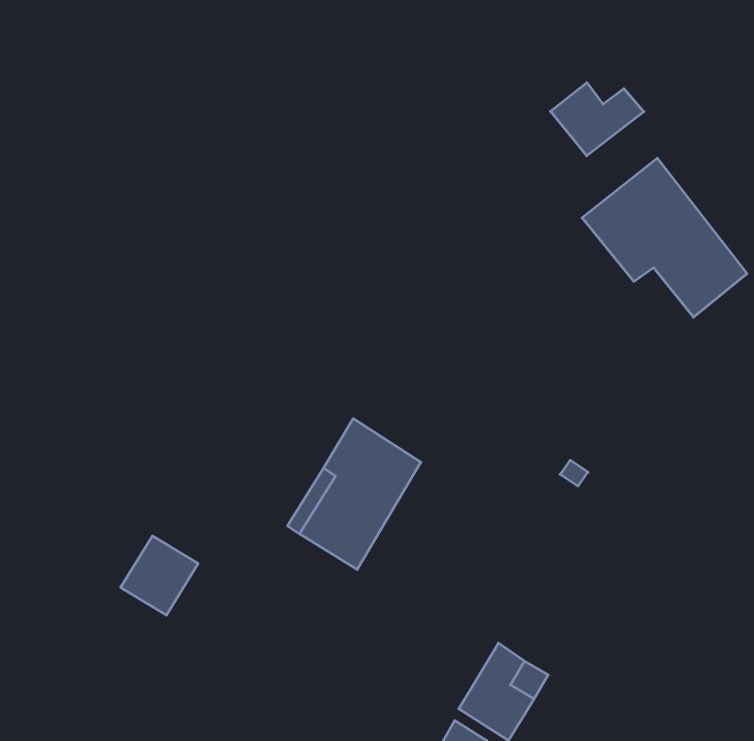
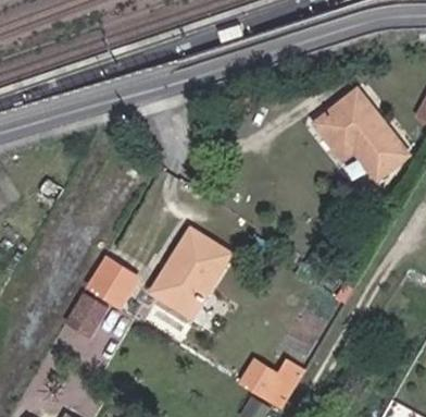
building: [550,83,644,156] -> none
building: none -> [82,254,137,308]

